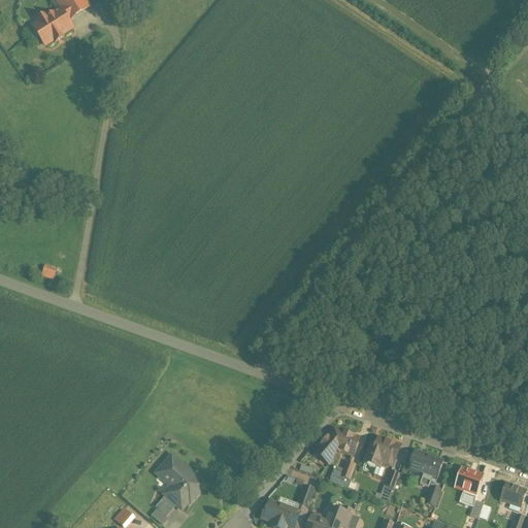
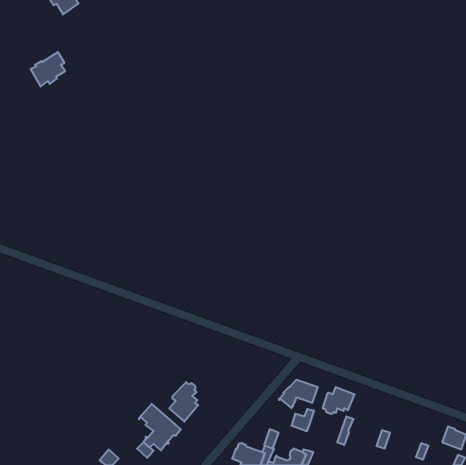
building: [33,4,72,43] -> [31,52,65,87]
building: none -> [169,382,198,422]
building: [407,450,442,487] -> none
building: [455,466,483,493] -> none

